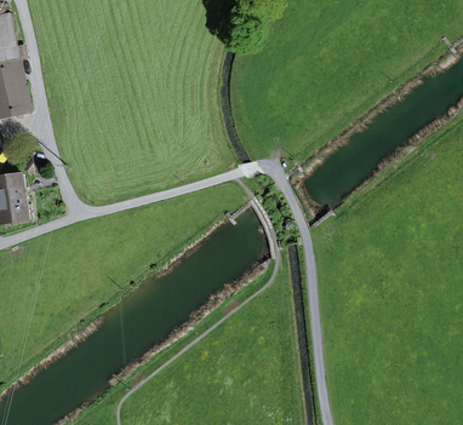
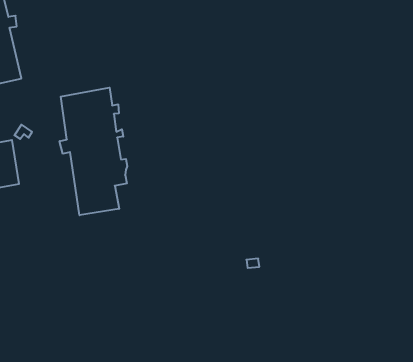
building: none -> [60,88,127,215]

